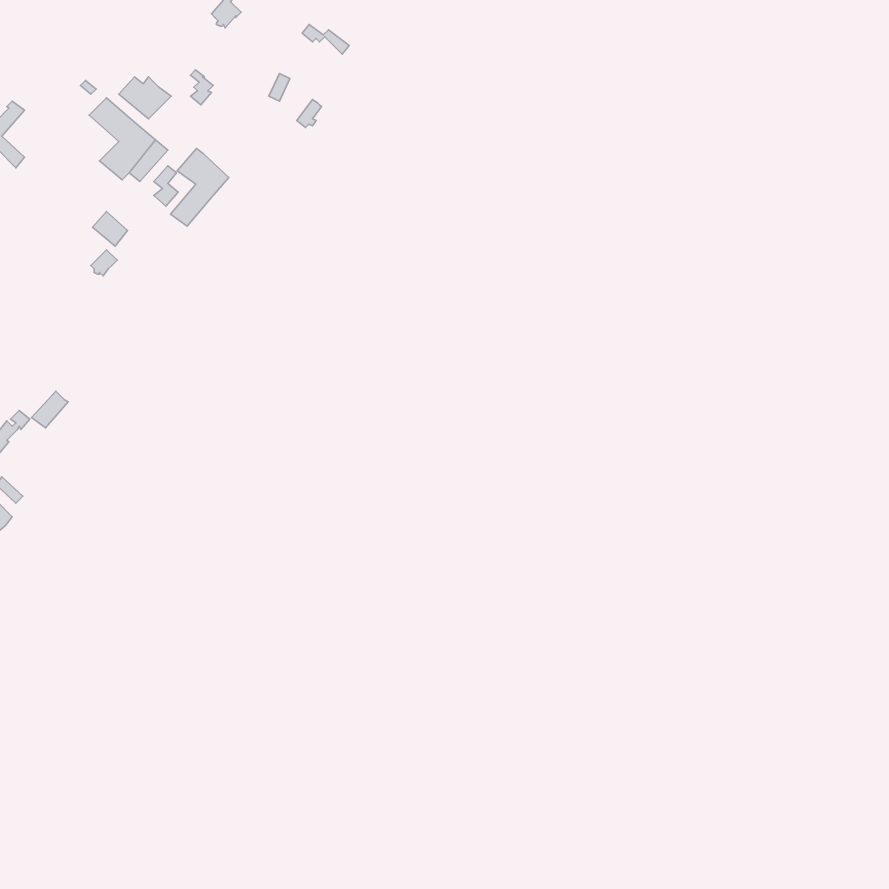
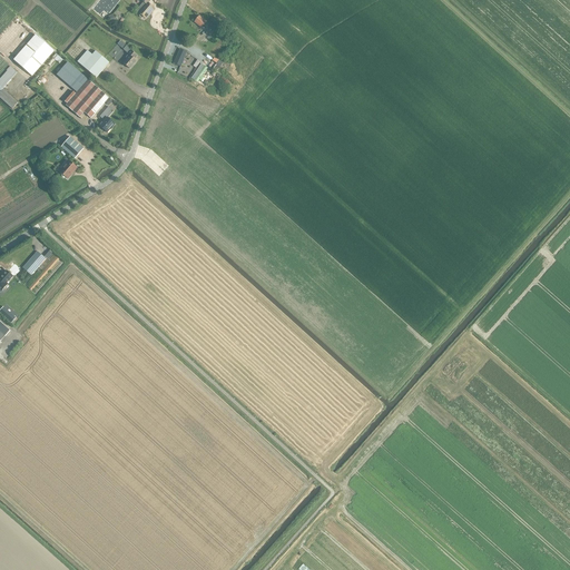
building: none -> [11,33,52,75]
building: [171,149,229,226] -> none

